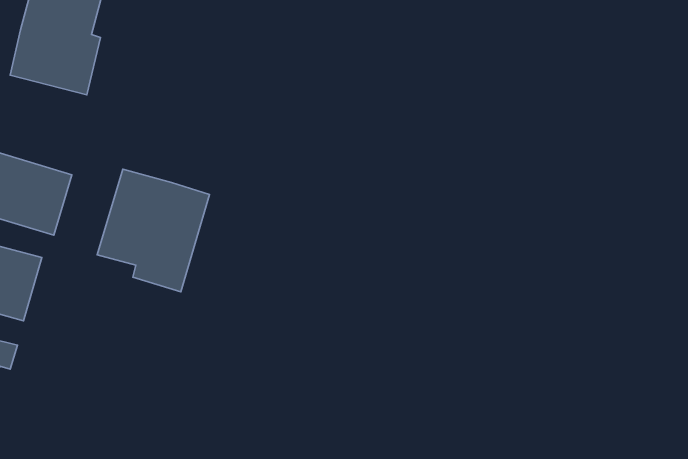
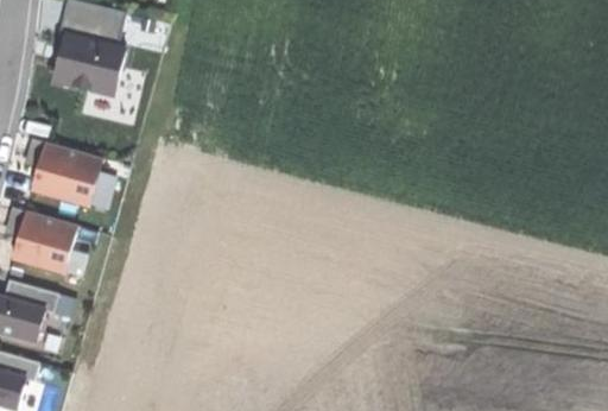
building: [97,169,210,292] -> none

